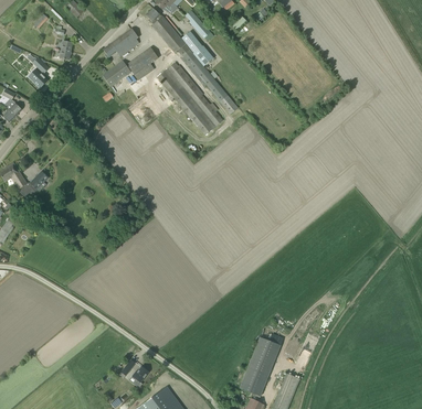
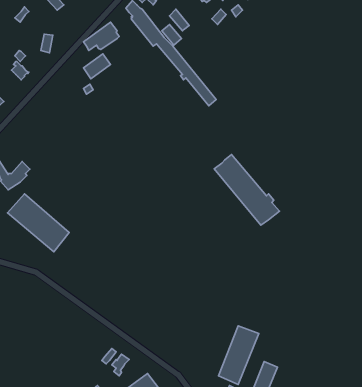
building: [127,49,157,79] -> none
building: [157,63,223,134] -> [214,155,279,225]
building: none -> [8,194,69,252]

